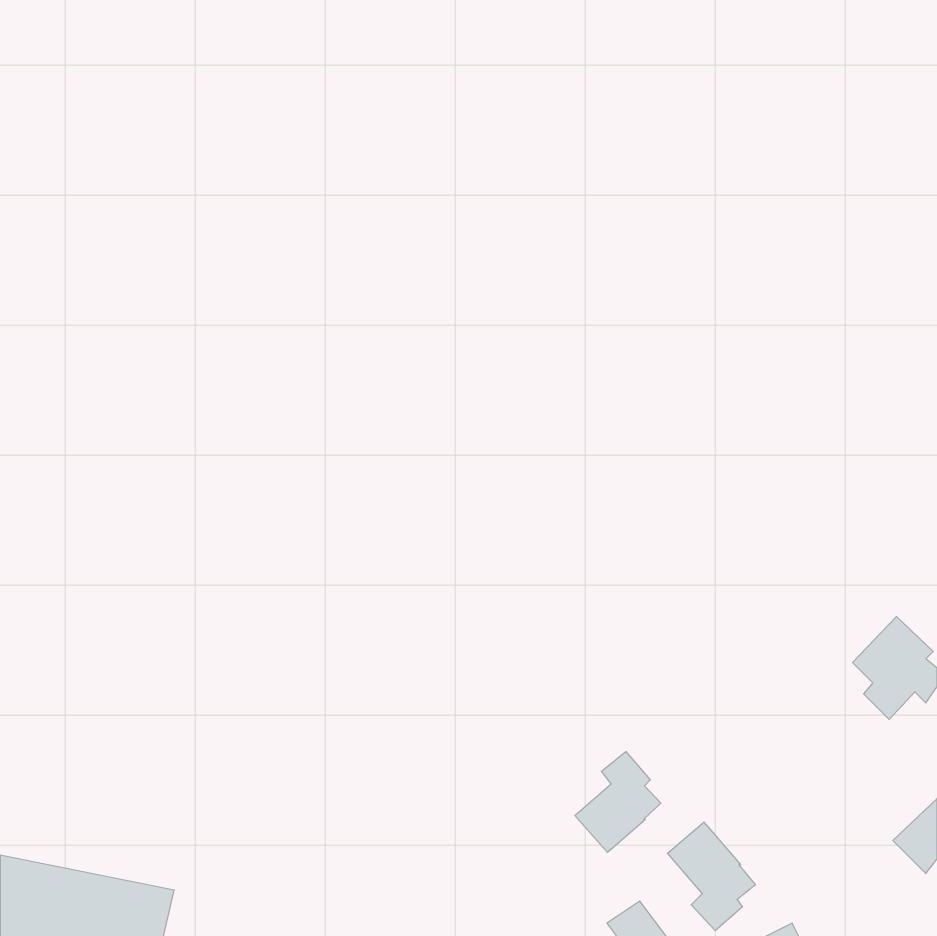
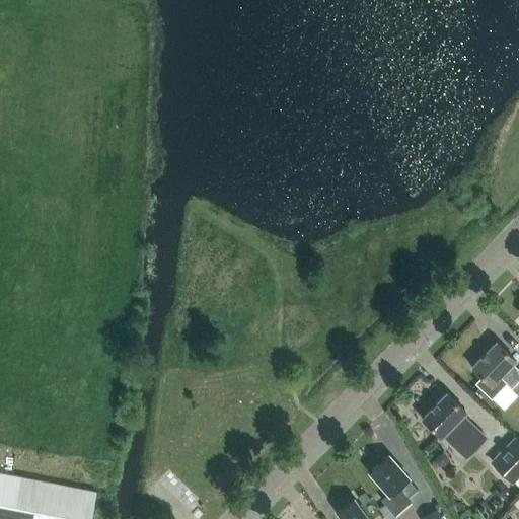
building: none -> [422,393,477,450]
building: [575,752,661,852] -> none

